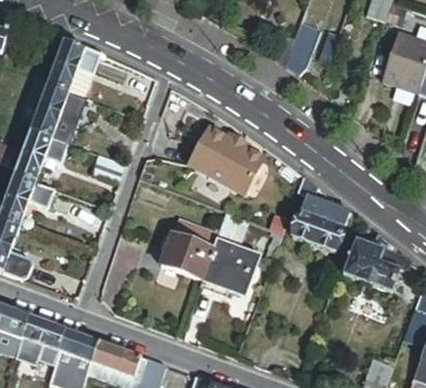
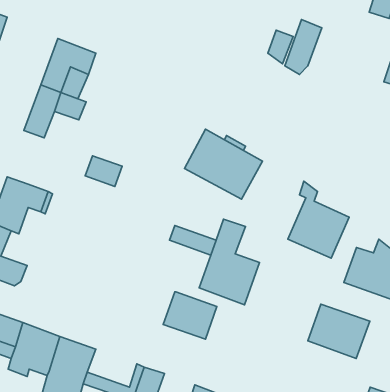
building: [14,129,68,181] -> none
building: [160,235,212,282] -> [163,292,217,339]
building: none -> [308,304,370,359]
building: [92,341,140,378] -> none

